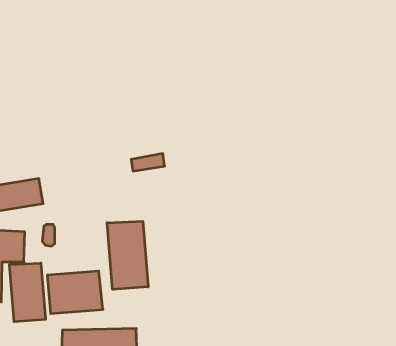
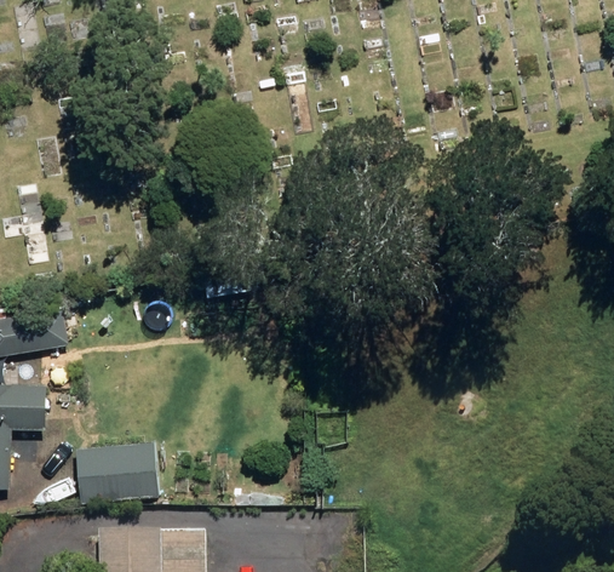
building: [107,221,148,289] -> none
building: [9,263,45,322] -> none

